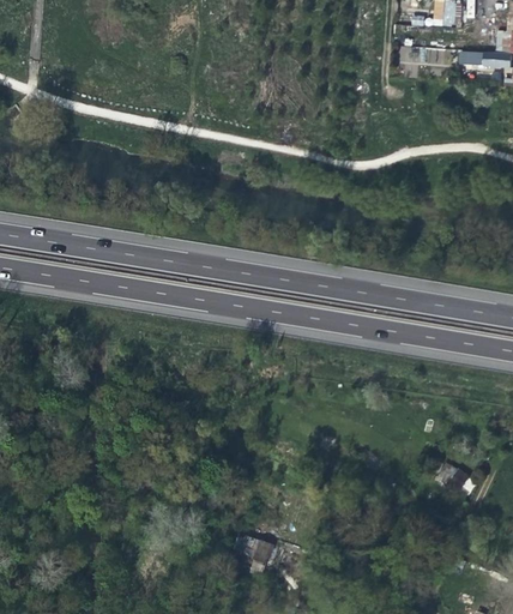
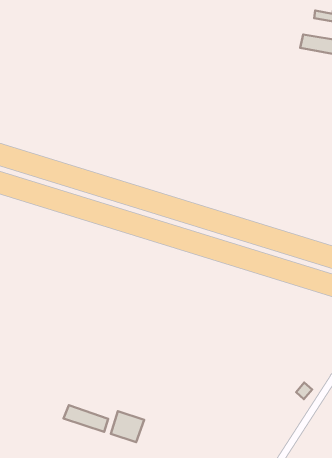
building: none -> [64,405,108,432]

